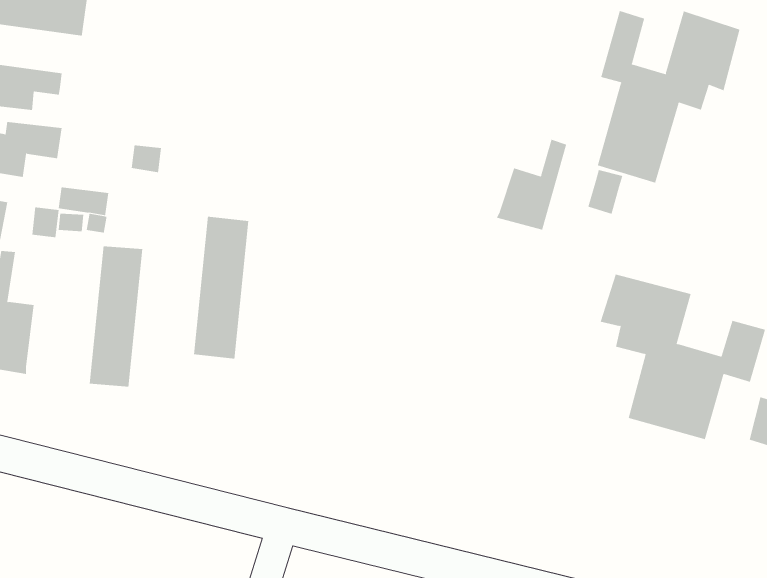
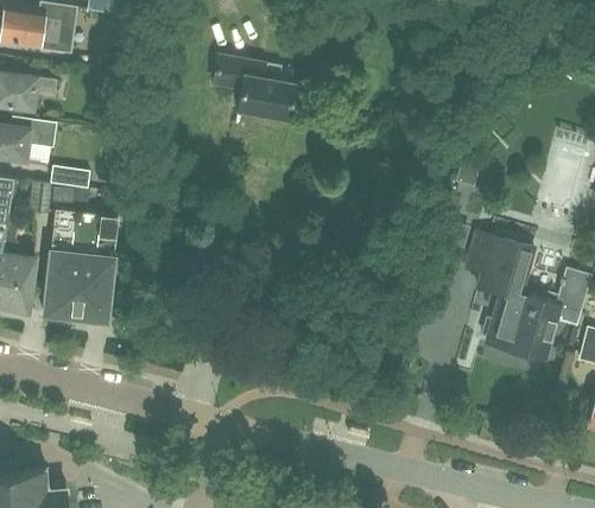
building: [597,10,740,184] -> none
building: none -> [211,56,293,120]
building: [496,139,567,231] -> none
building: [193,216,249,359] -> [42,209,84,318]

